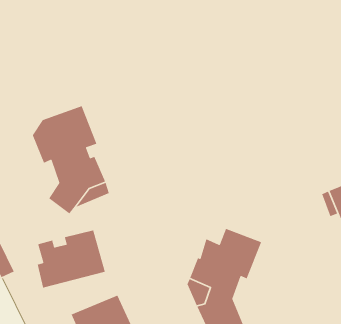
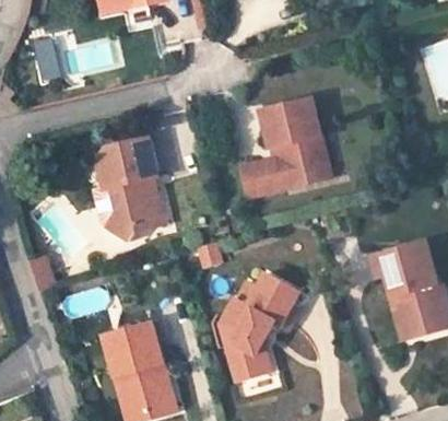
building: none -> [234,95,321,195]
building: [37,230,106,288] -> none

